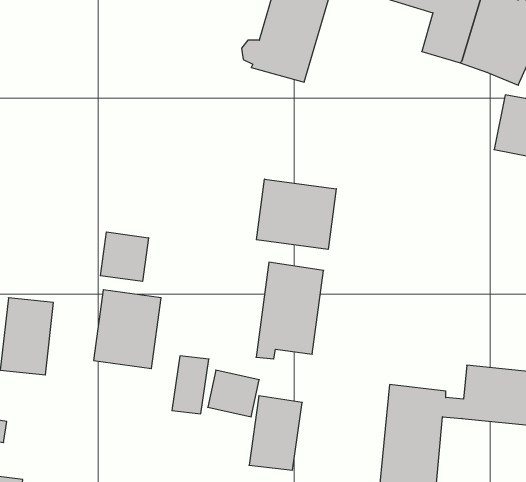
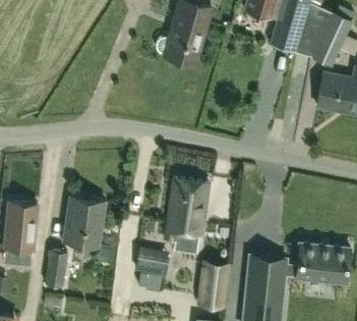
building: [256,179,336,249] -> none
building: [100,232,149,281] -> none
building: [172,356,209,414] -> [45,251,68,287]
building: [249,396,302,470] -> [197,262,231,309]

